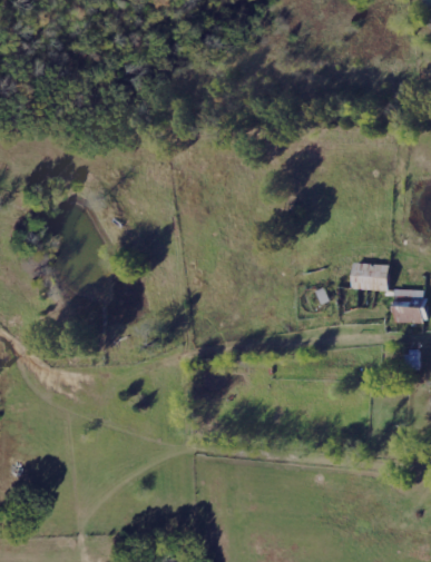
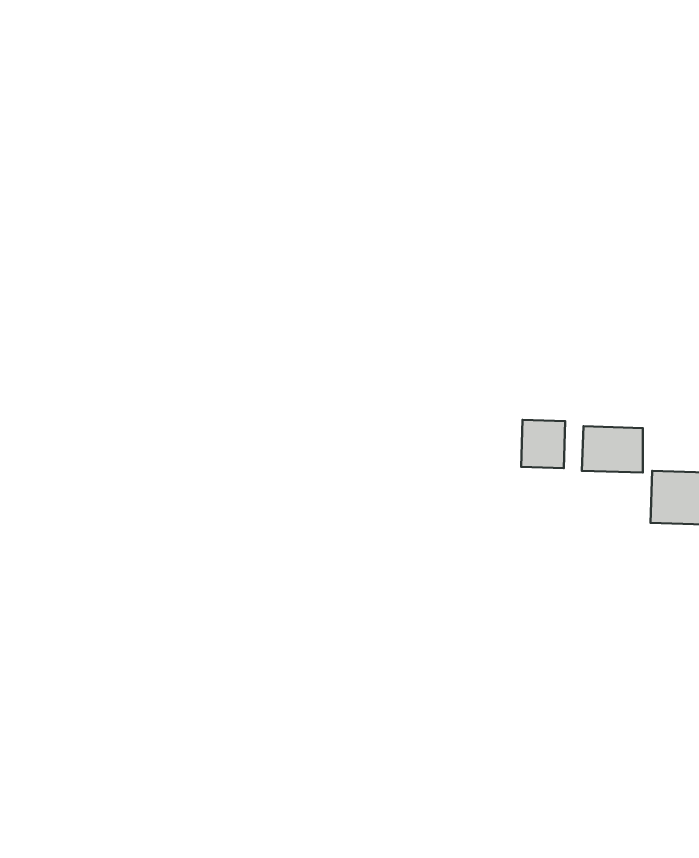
building: none -> [521,420,565,468]

